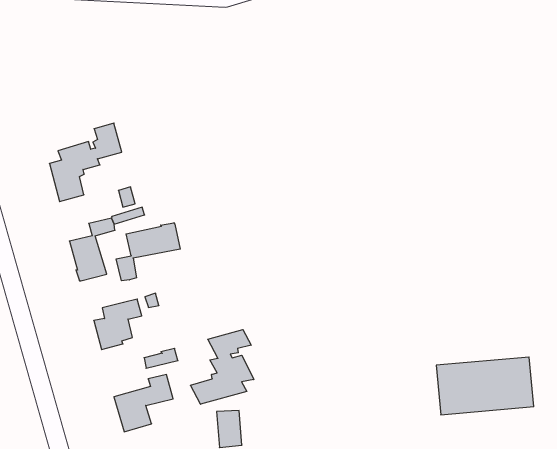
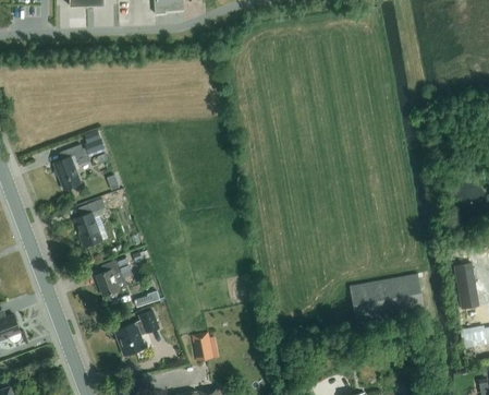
building: [116,223,180,281] -> none
building: [190,330,254,404] -> none

